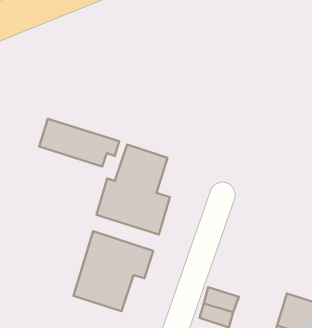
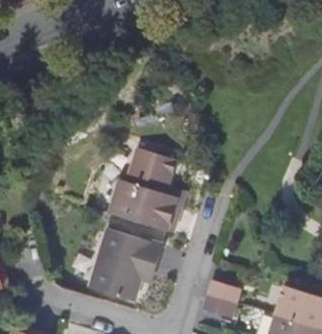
building: [39,119,119,167] -> none

